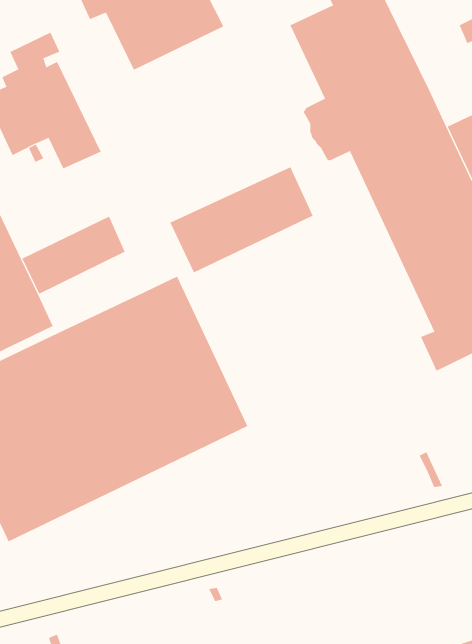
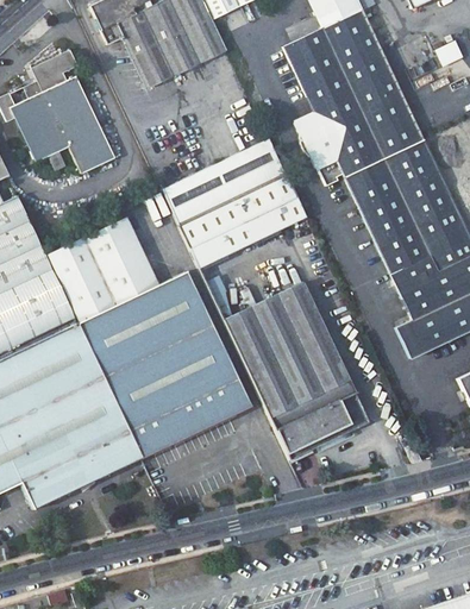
building: none -> [161,136,286,222]
building: none -> [61,249,155,321]
building: none -> [206,278,369,457]

